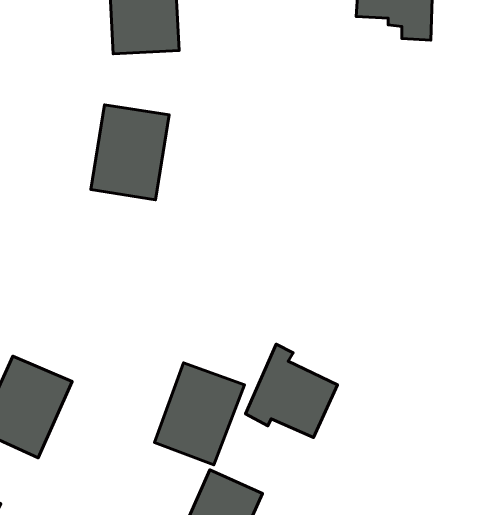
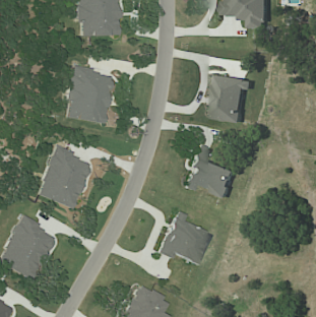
building: none -> [210,74,257,122]
building: none -> [187,144,240,197]
building: [155,363,245,465] -> [39,147,92,208]

